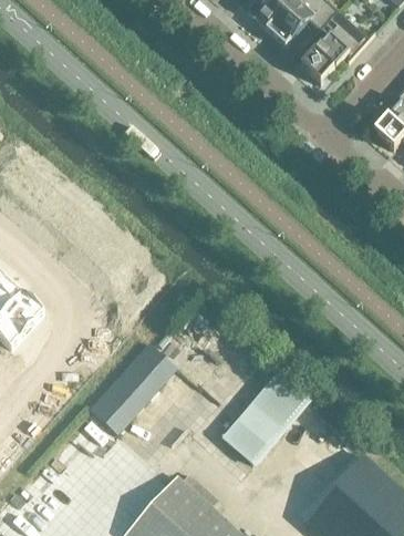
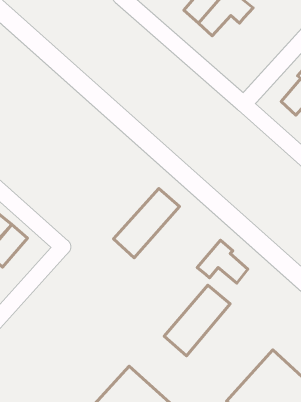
building: [301,10,369,84] -> none
building: none -> [197,240,248,283]
building: [91,343,176,433] -> [114,189,179,258]

